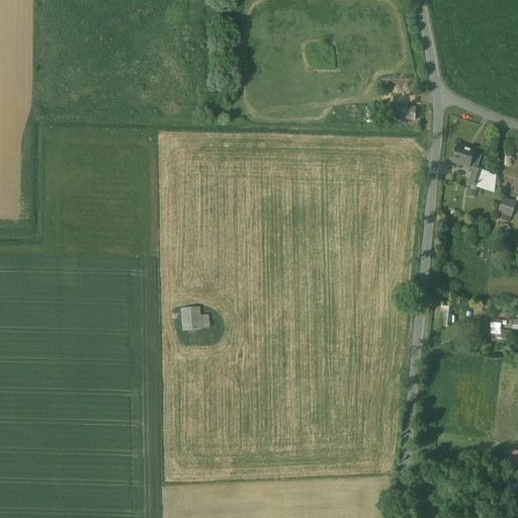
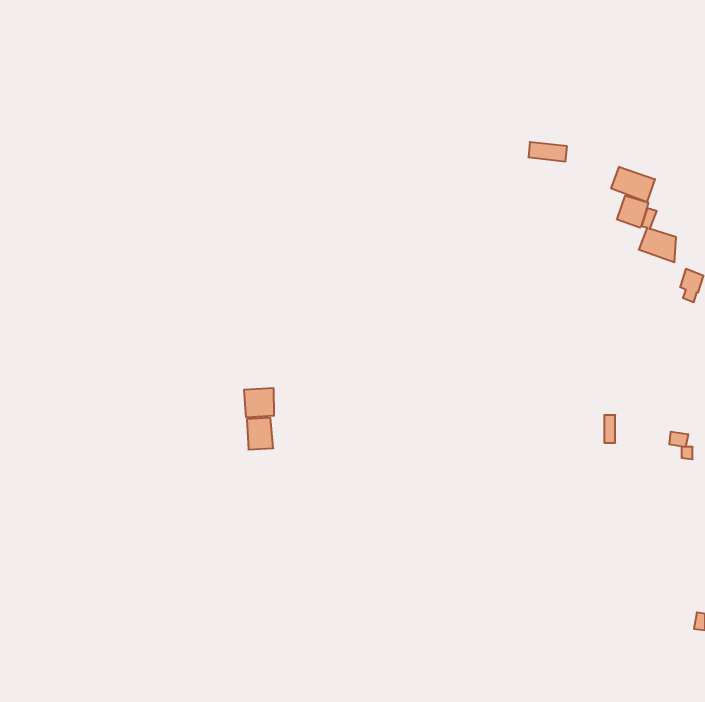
building: none -> [611,167,655,202]
building: none -> [244,388,274,417]

